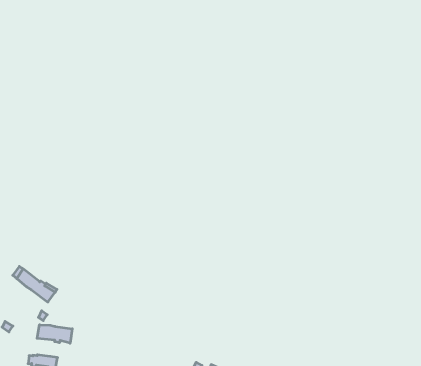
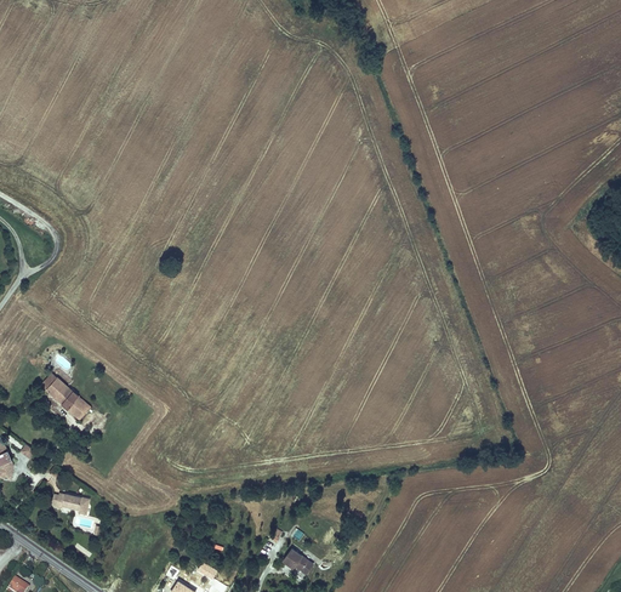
building: [37,325,72,343] -> none

